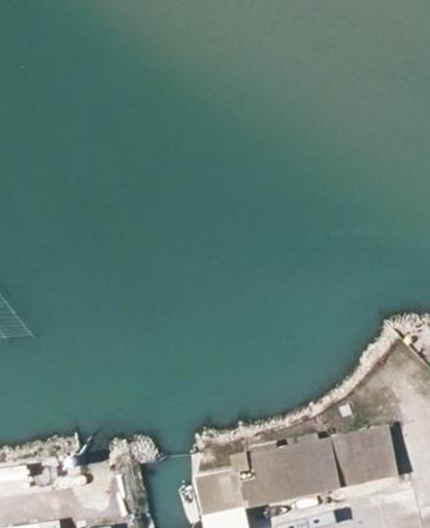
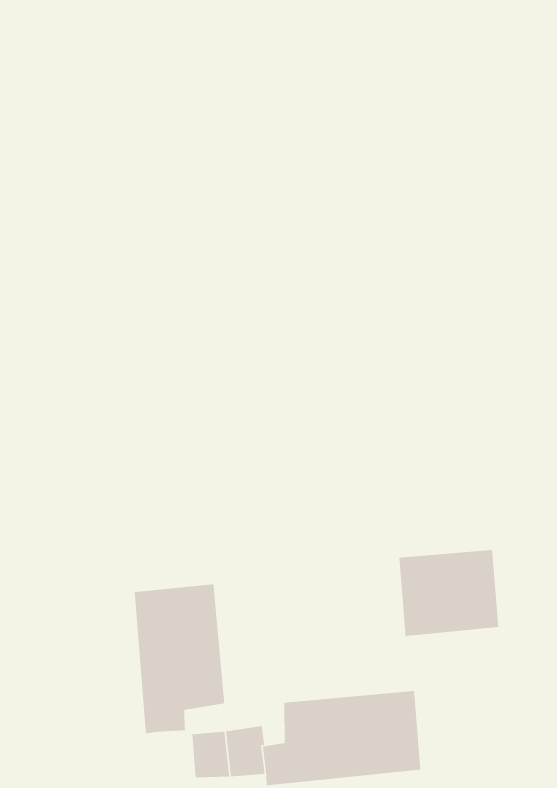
building: none -> [134,583,225,734]
building: [330,427,397,487] -> [398,550,499,637]

